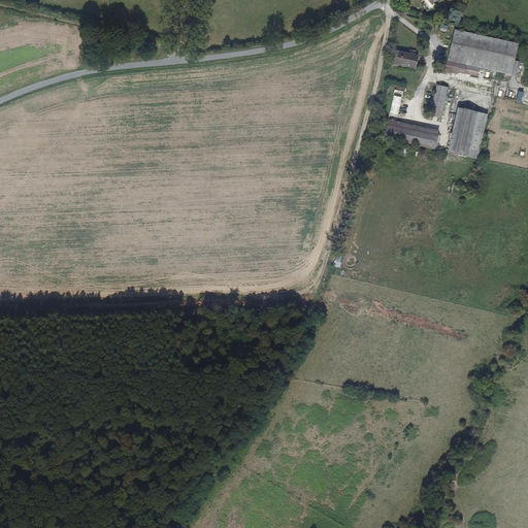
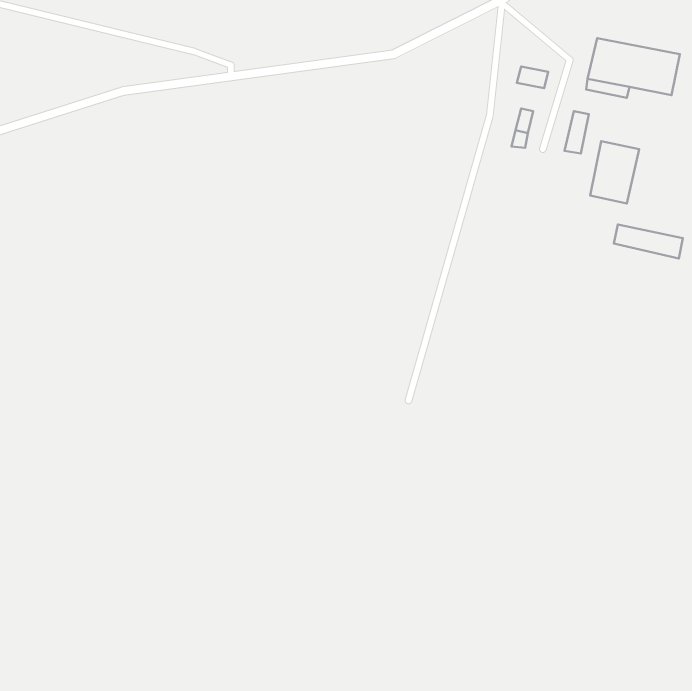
building: [385,119,437,144] -> [614,225,683,259]

